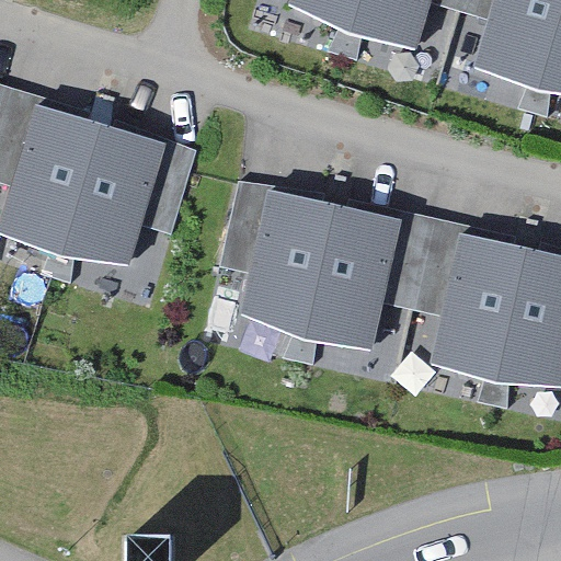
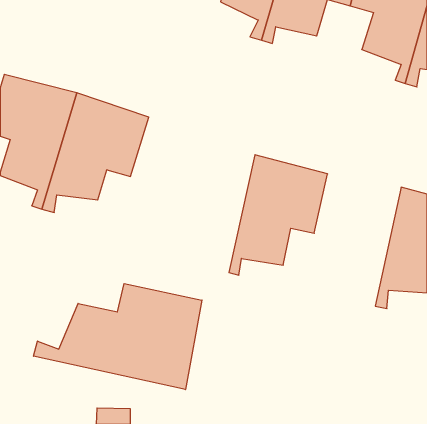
building: [219,185,334,357] -> none
building: [412,228,526,401] -> none
building: none -> [34,284,202,390]

